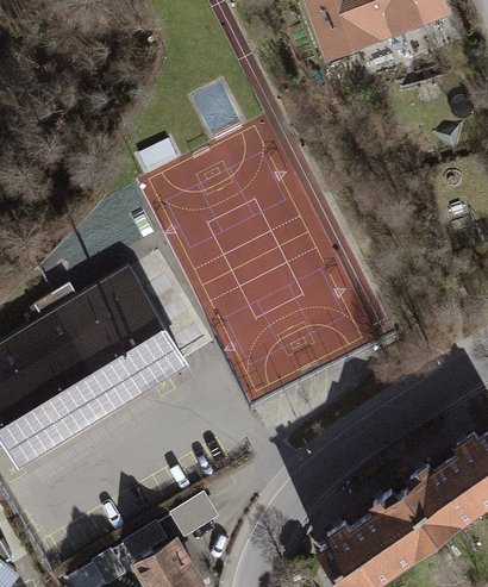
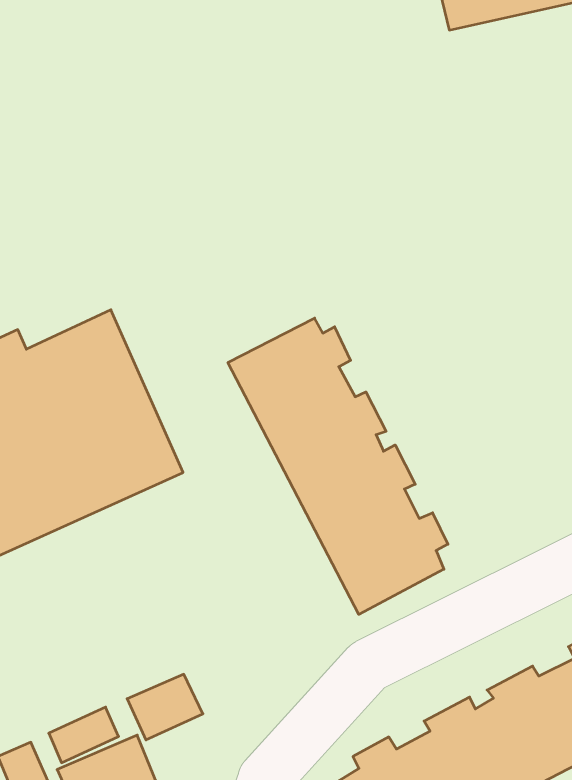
building: none -> [228,318,448,614]

